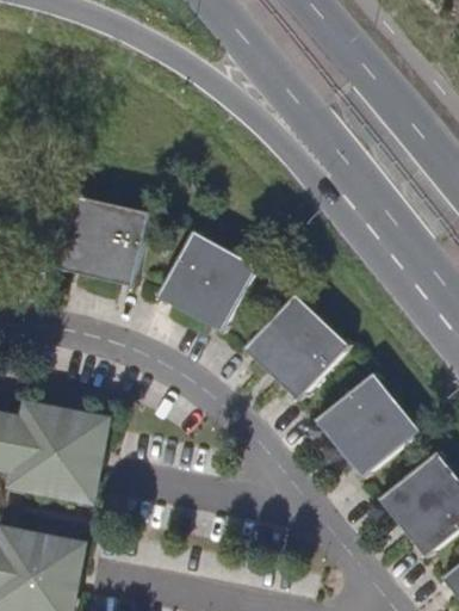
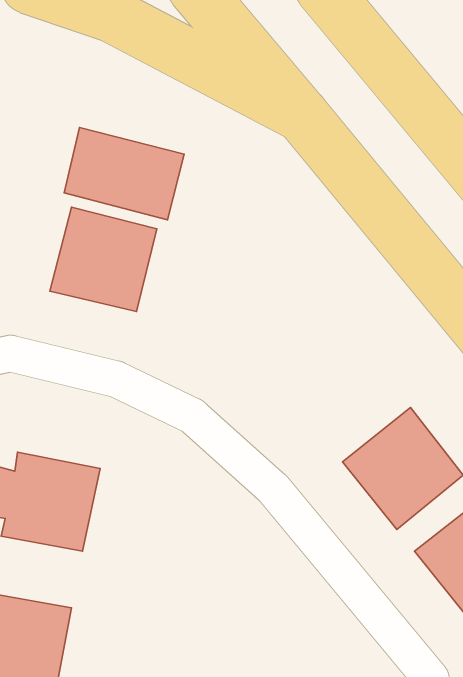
building: none -> [64,128,184,220]
building: [157,229,261,333] -> none
building: [242,292,351,401] -> none

